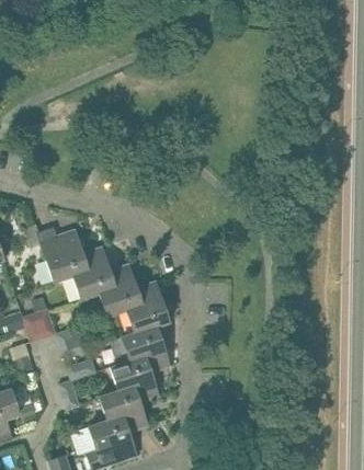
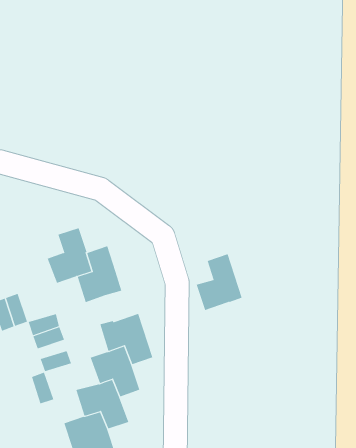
building: [37,228,88,280] -> none
building: [126,280,169,333] -> [196,254,243,311]

